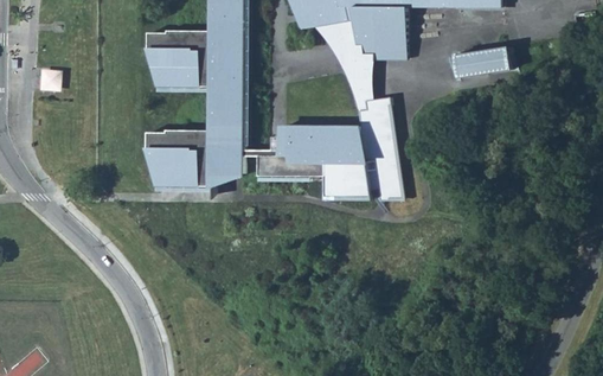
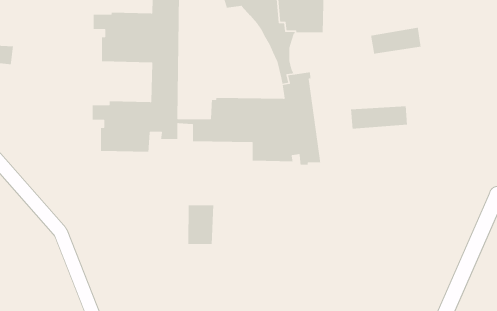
building: none -> [350,106,408,129]
building: none -> [188,204,214,245]

